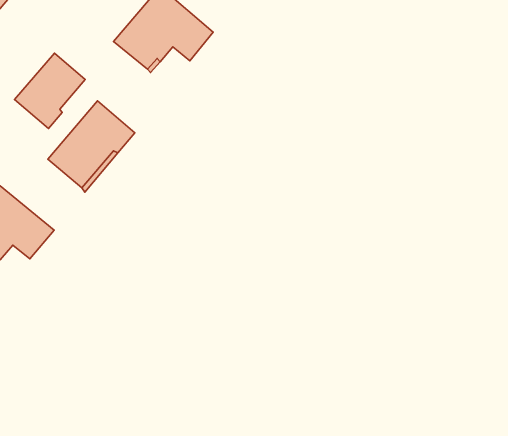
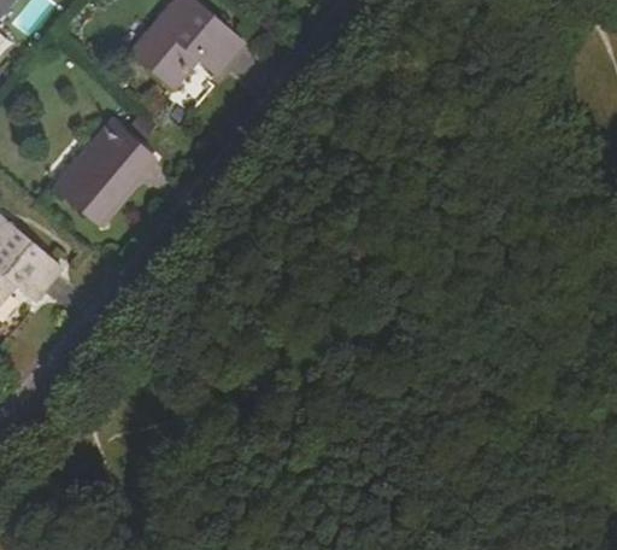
building: [15,53,85,128] -> none

